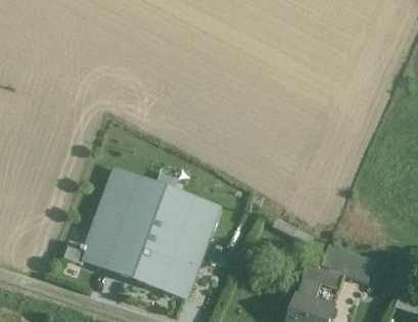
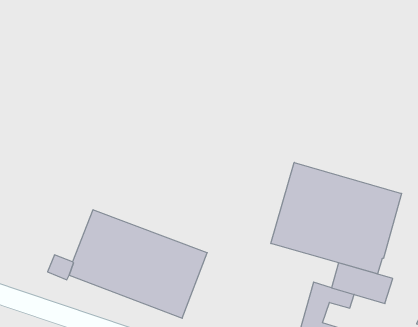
building: none -> [271,162,402,274]
building: [105,170,219,237] -> none

